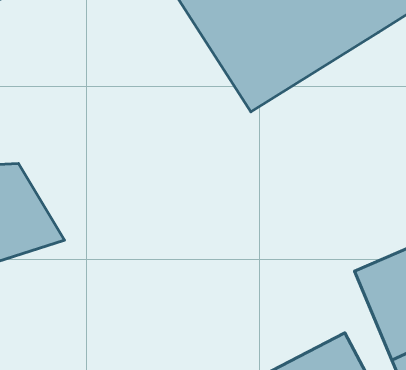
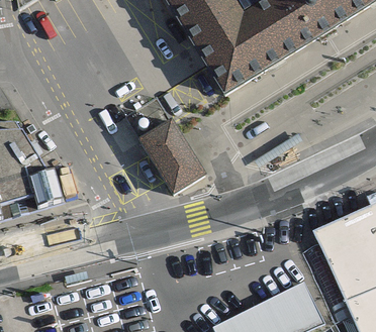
building: none -> [139,117,206,194]

